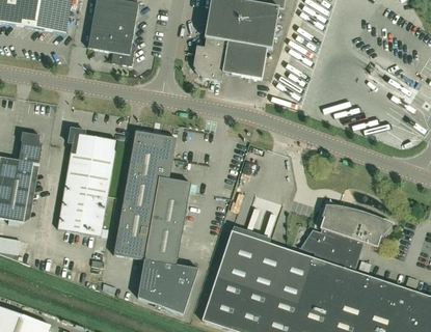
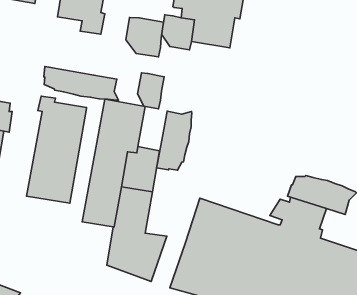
building: none -> [126,17,164,57]
building: none -> [44,67,118,100]
building: none -> [138,73,164,109]
building: none -> [157,111,192,170]

